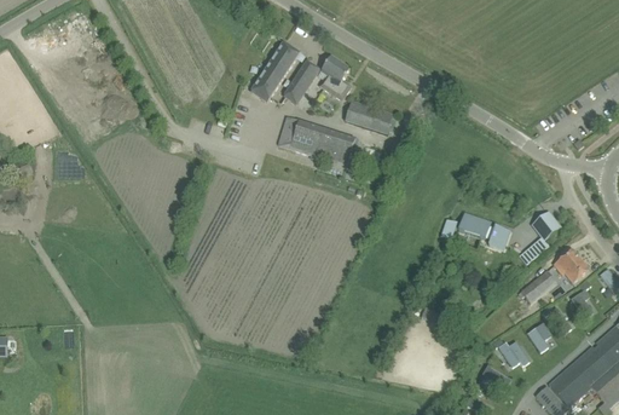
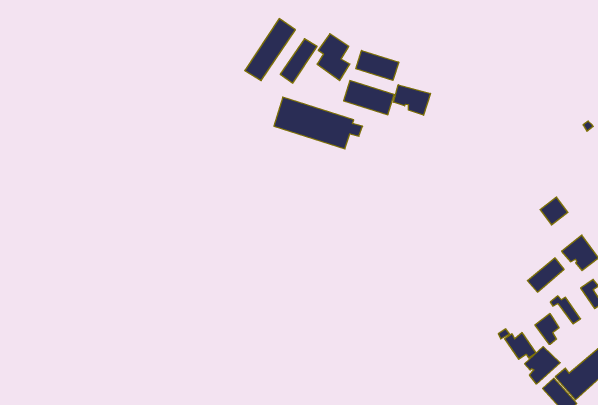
building: none -> [356,50,399,80]
building: none -> [393,85,430,115]
building: [459,213,510,248] -> none
building: none -> [525,347,560,384]

